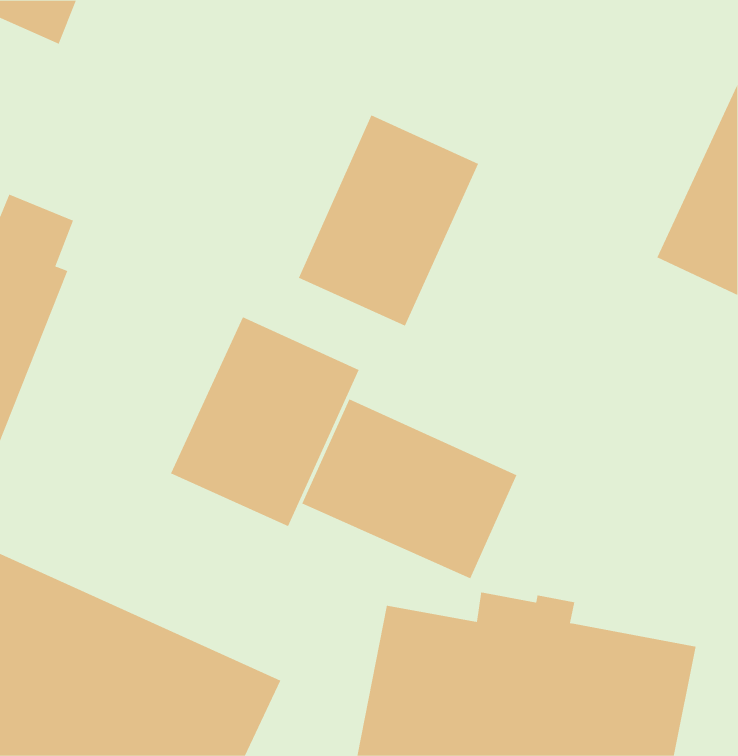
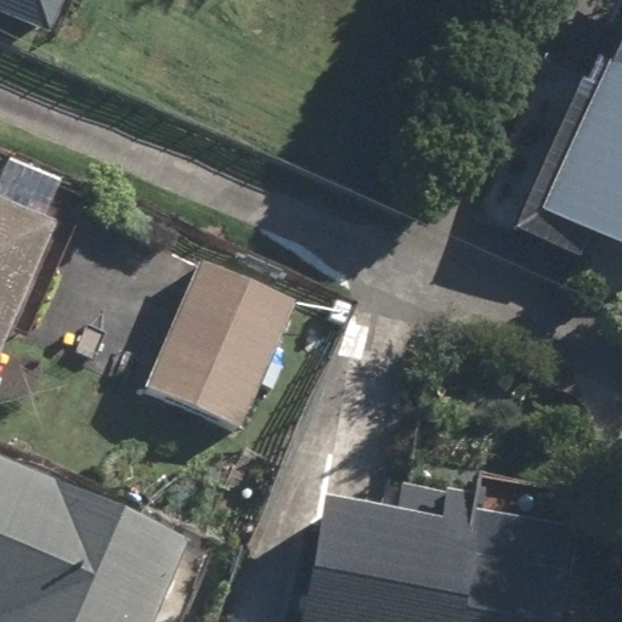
building: [298,114,479,326] -> none
building: [301,399,517,579] -> none

